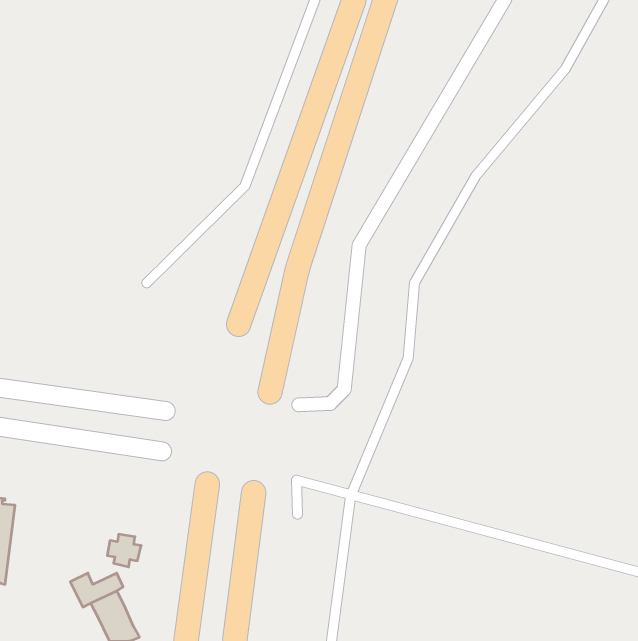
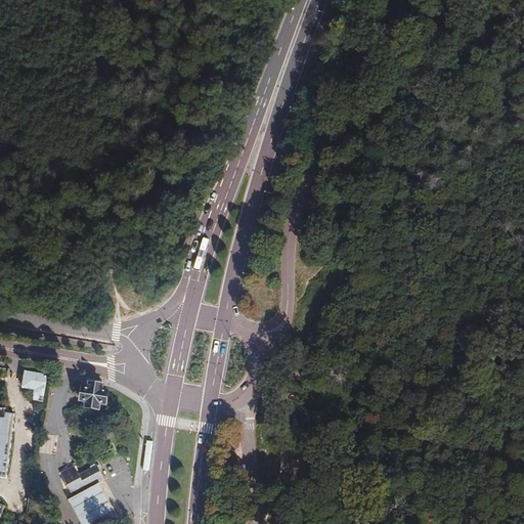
building: none -> [20,369,45,398]
building: [107,534,141,567] -> [76,383,103,409]

